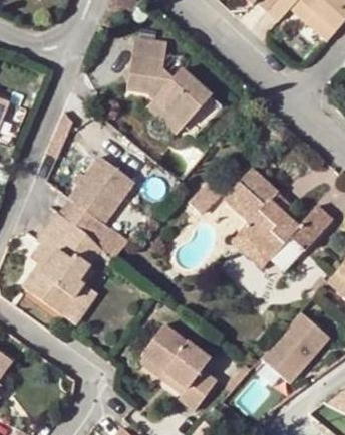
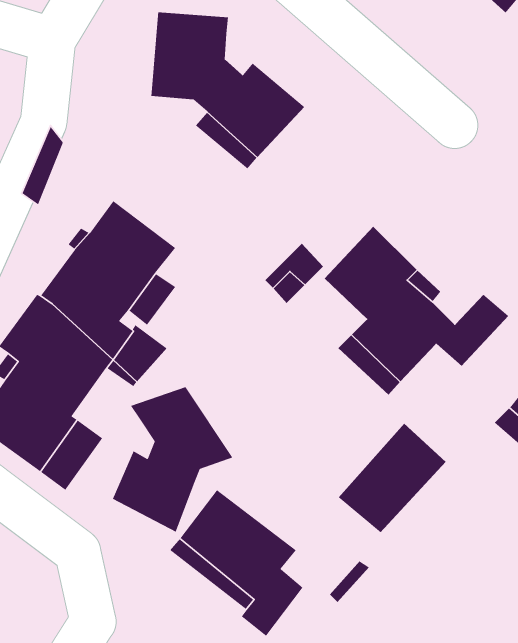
building: none -> [112,386,234,533]
building: [263,320,327,386] -> [338,423,447,533]

